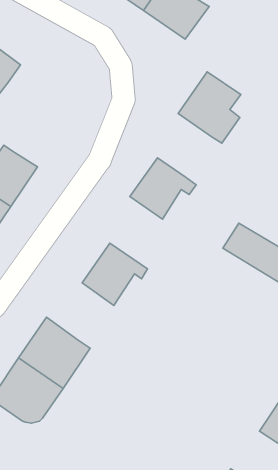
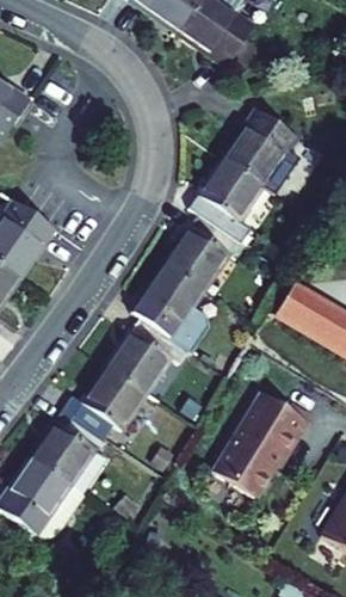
building: none -> [192,154,265,240]
building: none -> [132,254,209,345]
building: none -> [66,358,147,427]
building: none -> [212,394,309,499]

